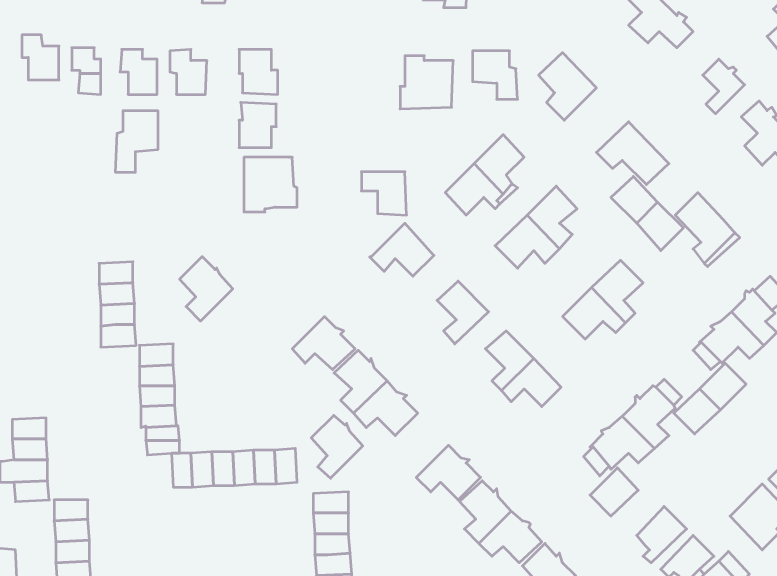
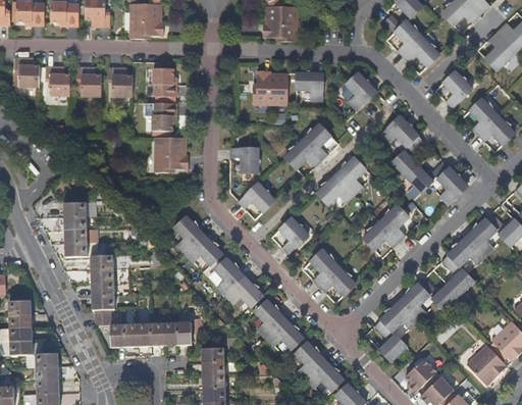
building: [116,111,158,172] -> none
building: [180,257,233,321] -> [173,217,207,258]
building: [311,415,363,478] -> [253,300,285,340]

